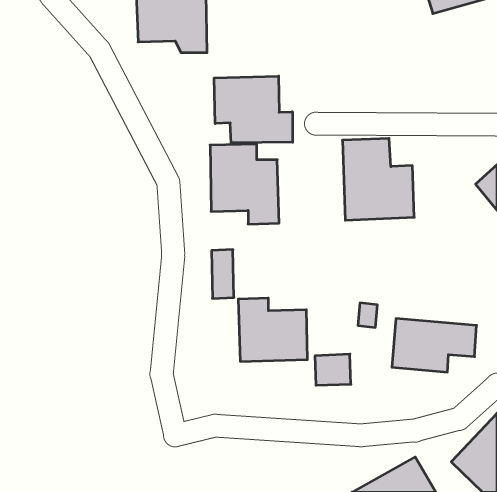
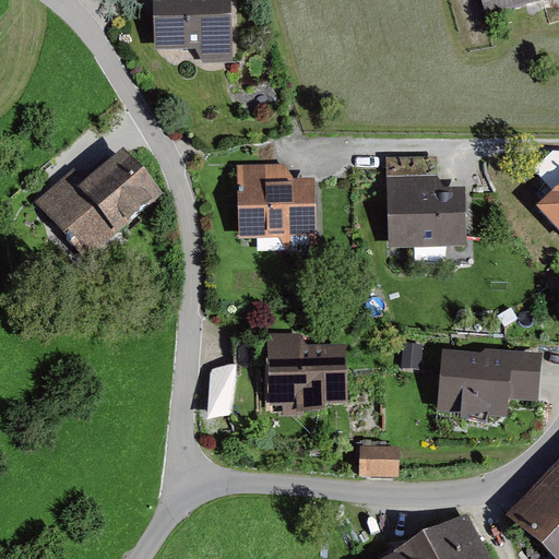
building: [214,76,293,143] -> none
building: none -> [31,152,157,261]
building: [212,250,234,298] -> [213,362,238,417]
building: [315,354,351,385] -> [359,438,400,473]

